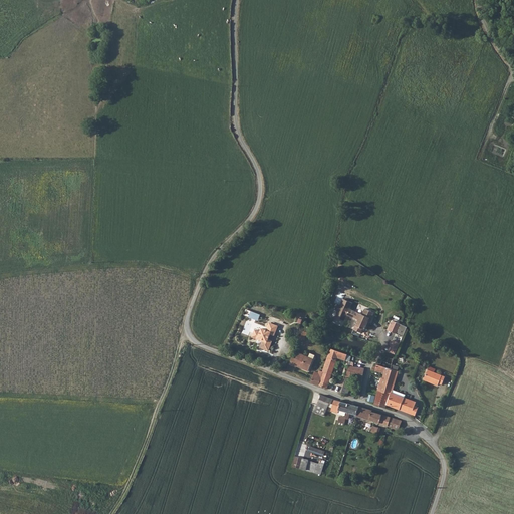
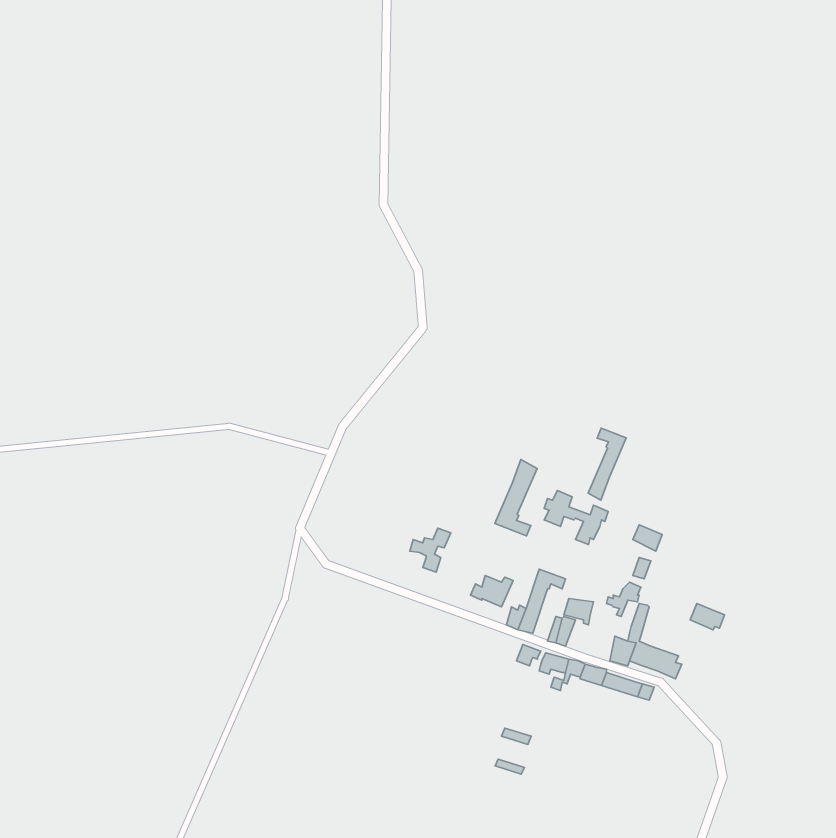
building: none -> [588,428,626,500]
building: none -> [495,460,537,536]

